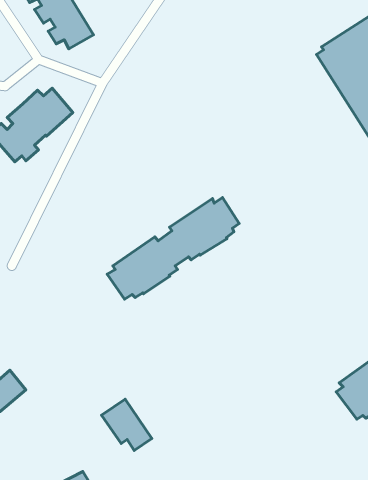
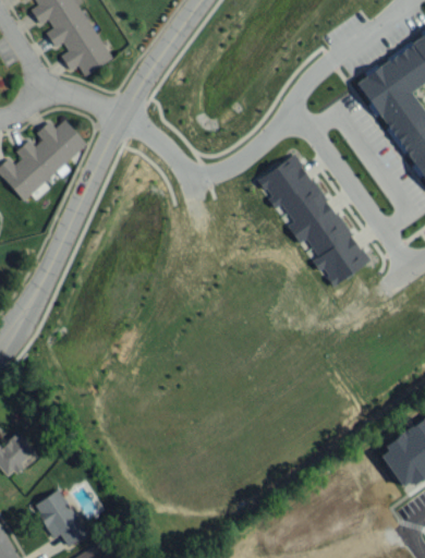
building: none -> [259,155,368,286]
building: [107,197,239,299] -> none
building: [102,399,152,450] -> [34,489,89,546]

